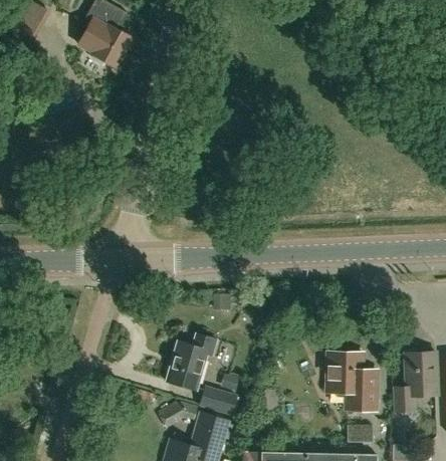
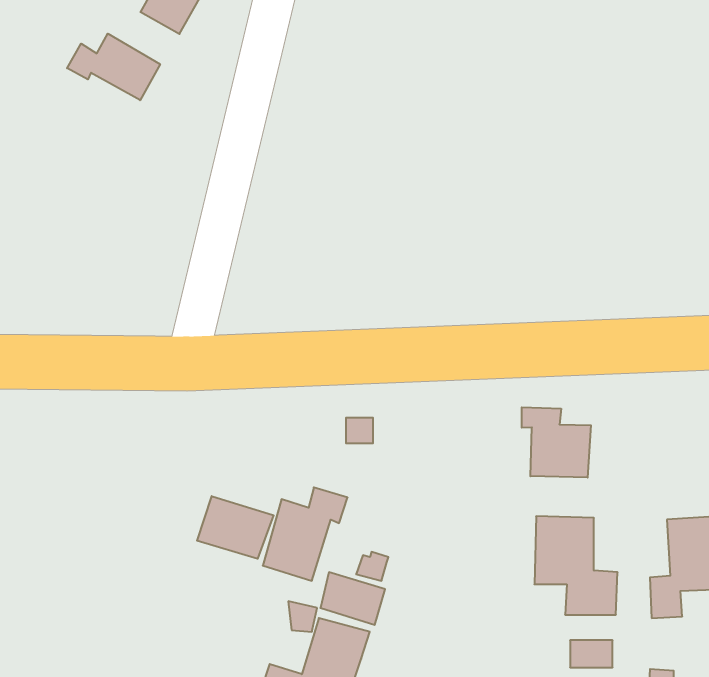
building: none -> [67,34,160,100]
building: none -> [522,407,591,478]
building: none -> [197,496,274,559]

